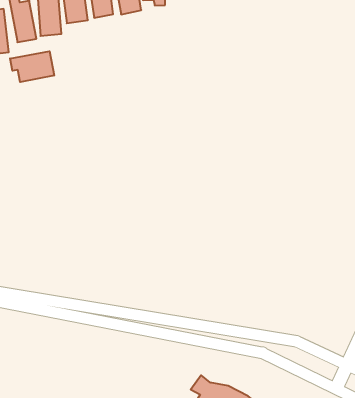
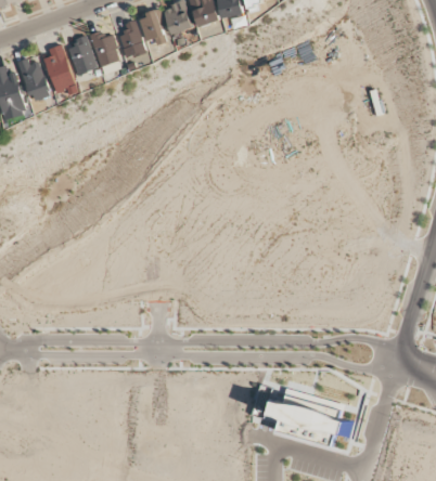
building: [10,51,54,82] -> none

